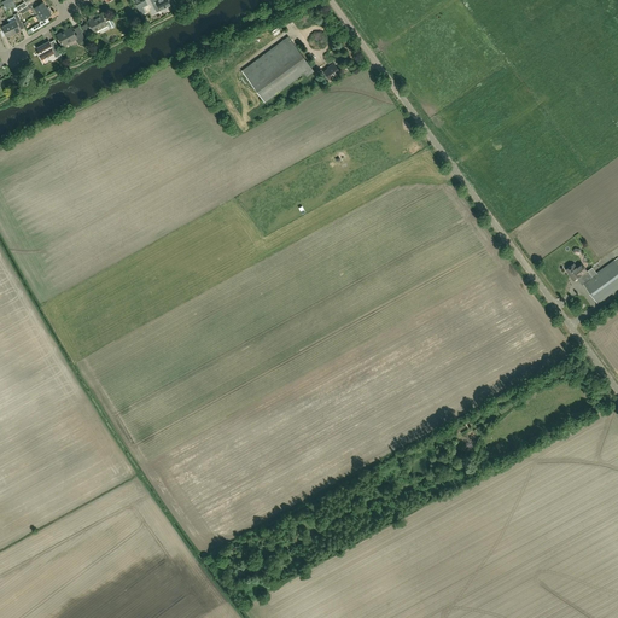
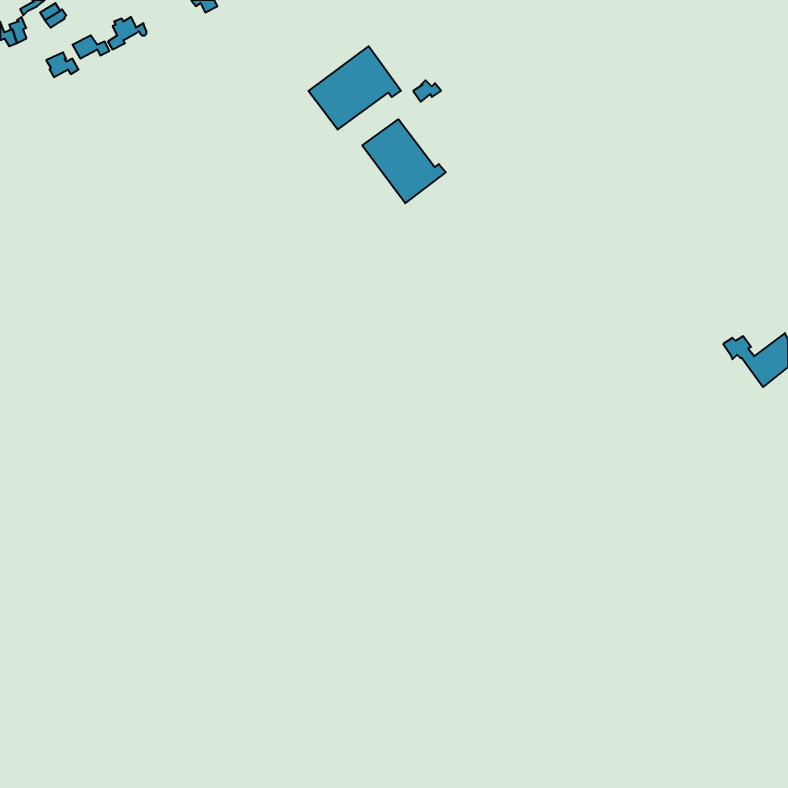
building: none -> [362,119,446,203]

